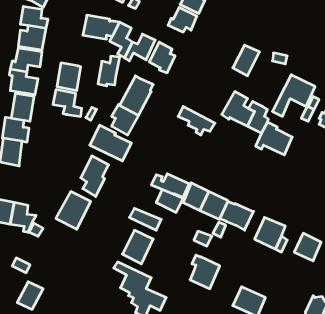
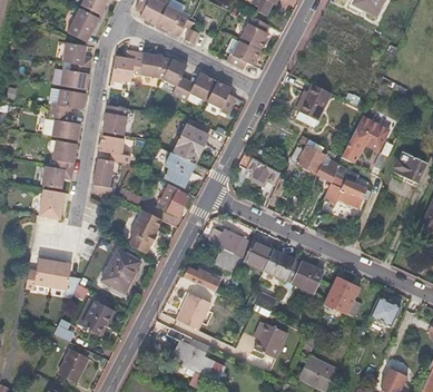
building: [98,56,120,86] -> [111,49,136,82]
building: none -> [91,158,114,195]
building: none -> [80,298,112,334]

